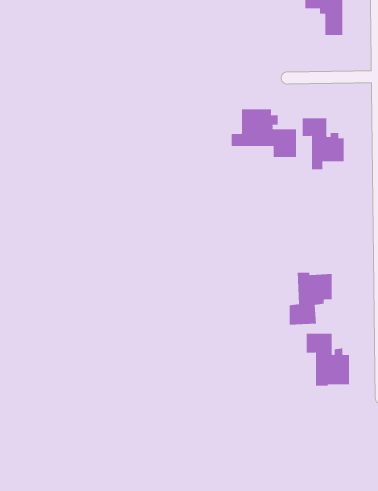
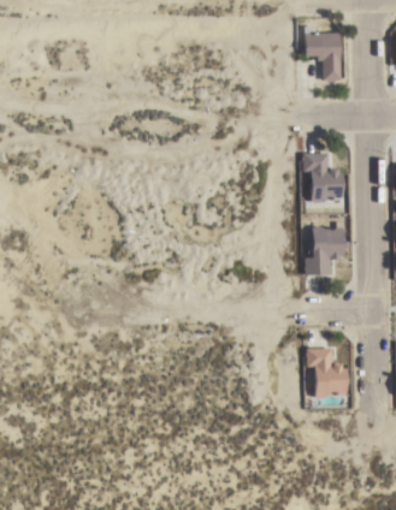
building: [231,108,297,158] -> none
building: [289,272,333,325] -> [305,227,344,275]

